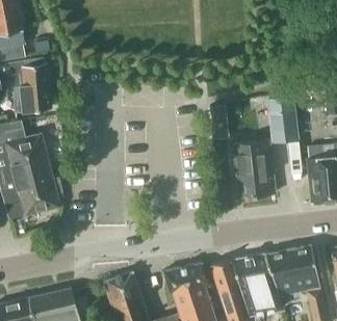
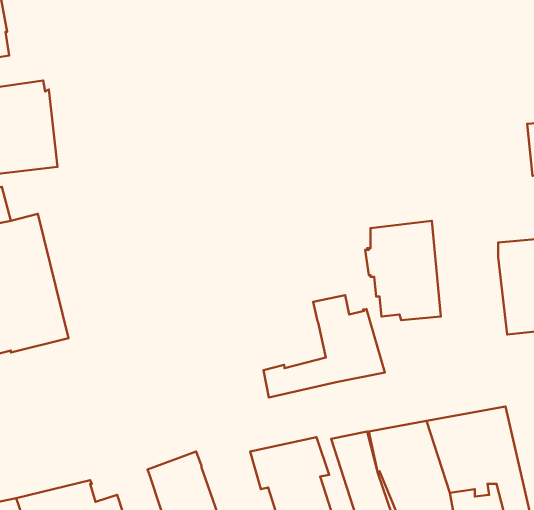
building: [267,92,299,142] -> none
building: none -> [264,295,385,398]

